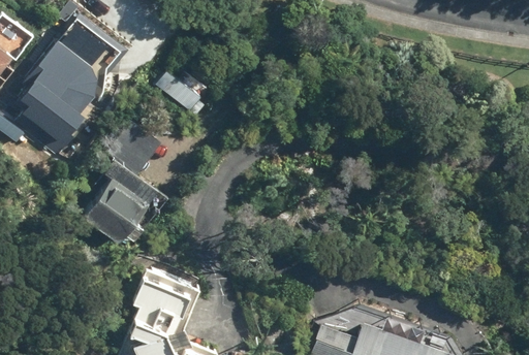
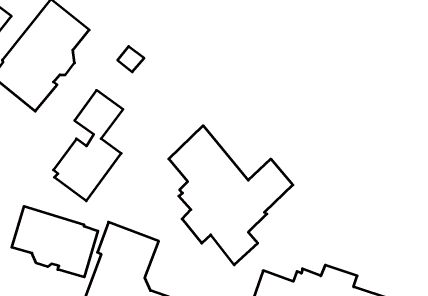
building: none -> [169,126,293,265]
building: none -> [12,206,98,277]

